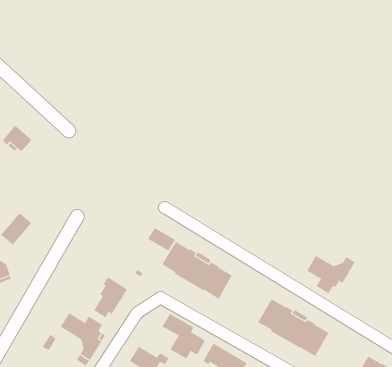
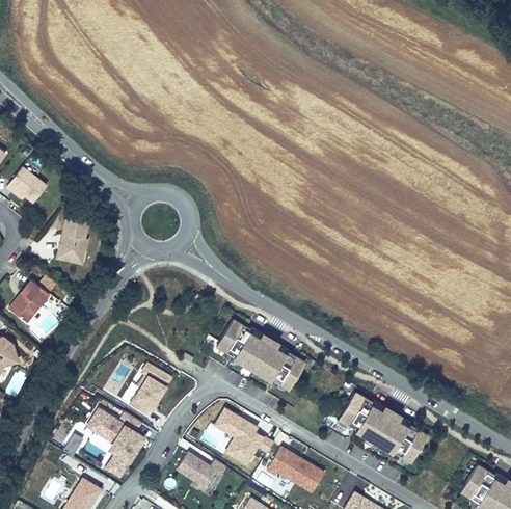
building: none -> [57,216,85,264]
building: [147,227,176,252] -> none
building: [307,255,355,294] -> none

